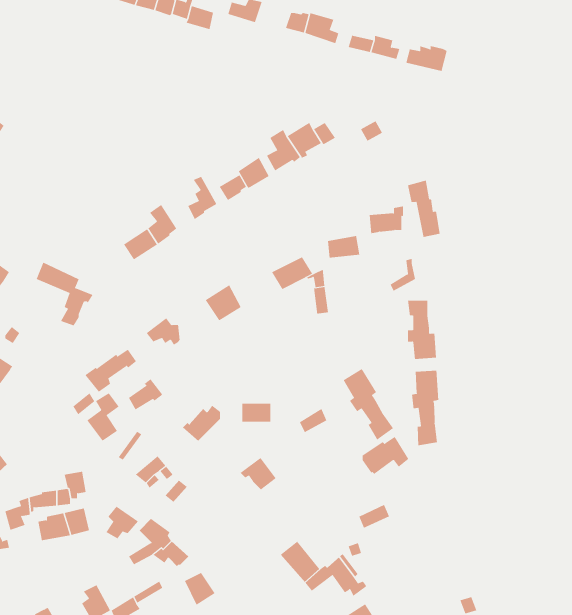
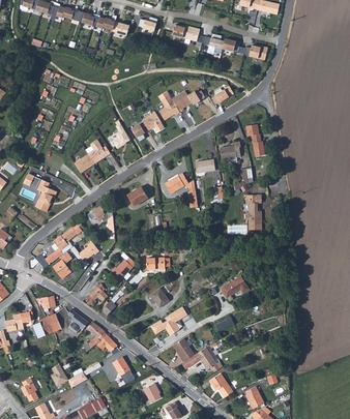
building: [343,368,394,441] -> none
building: [411,370,439,446] -> none
building: none -> [147,307,184,336]

